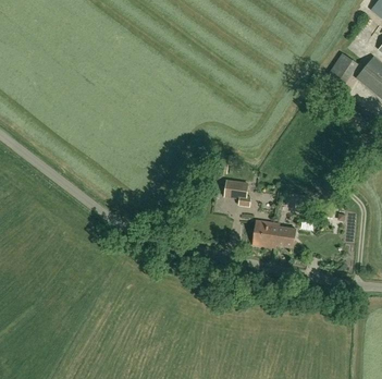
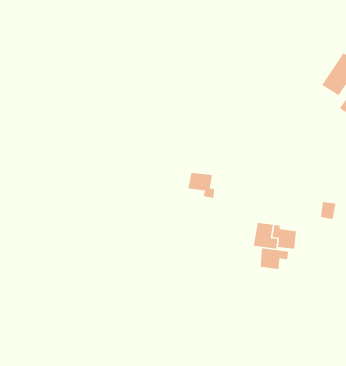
building: [223,181,250,207] -> [187,172,215,199]
building: none -> [260,247,289,270]

